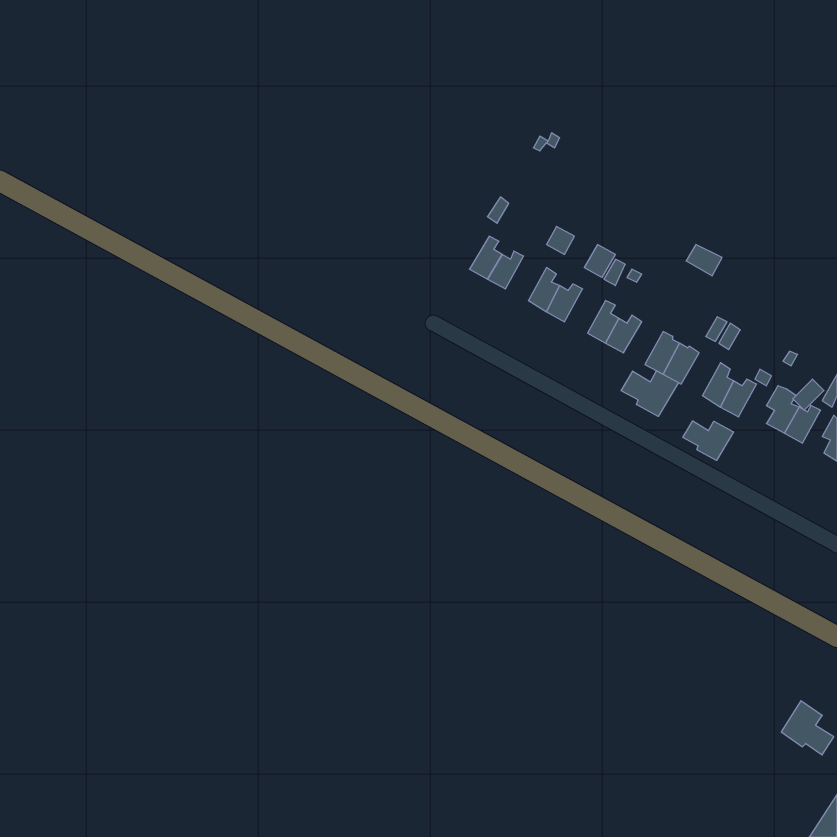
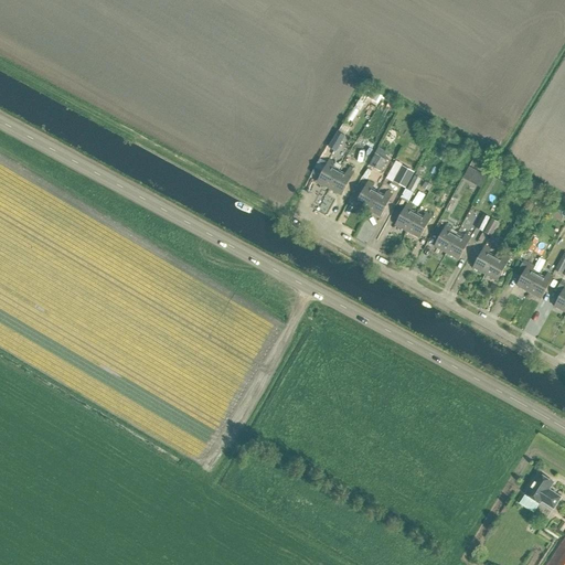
building: [621,371,678,416] -> none
building: [683,421,734,460] -> none

